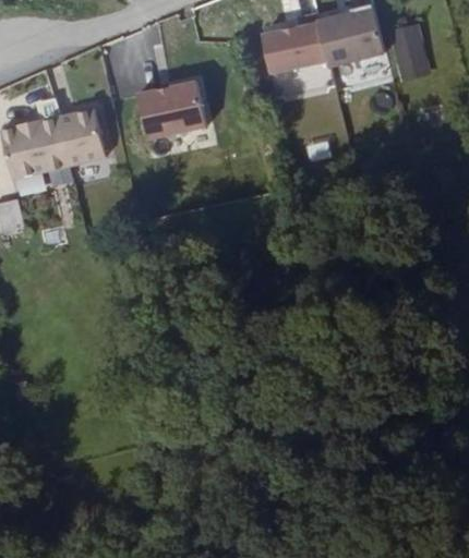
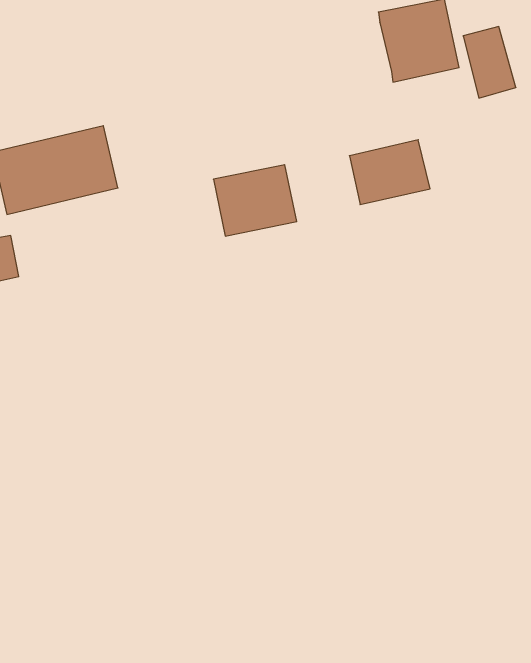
building: [264,22,330,75] -> [349,140,430,205]
building: [136,80,205,138] -> [213,165,297,236]

